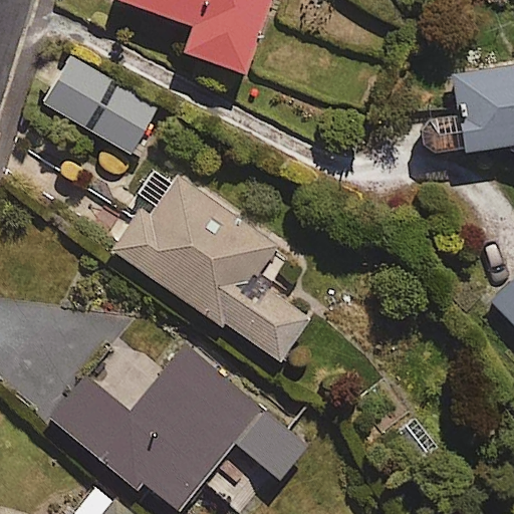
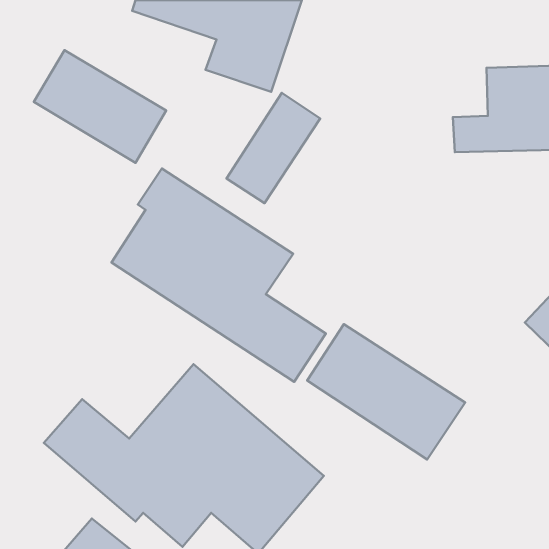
building: none -> [227,93,320,203]
building: none -> [307,324,465,459]

